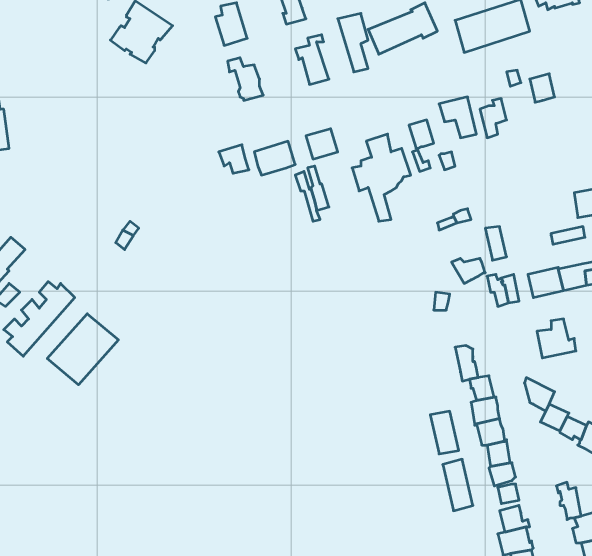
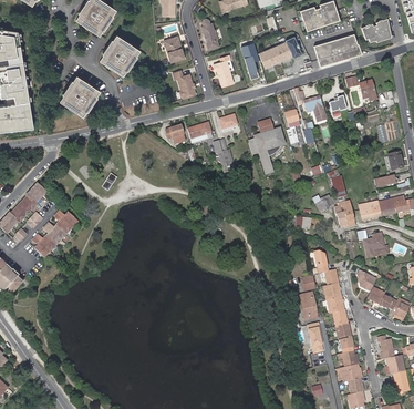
building: none -> [59,76,97,116]
building: [47,314,118,385] -> none

